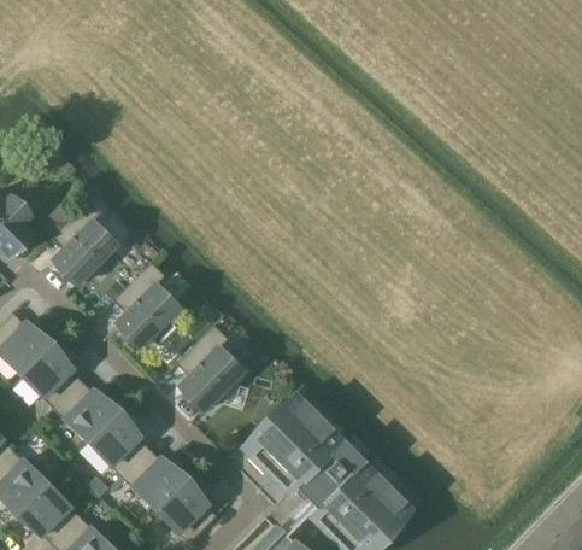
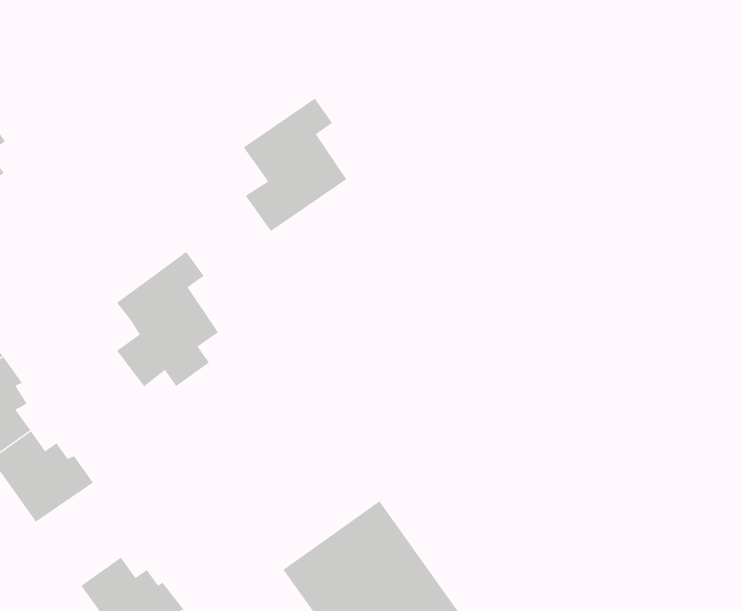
building: [51,198,117,283] -> [243,98,347,232]
building: [183,323,243,410] -> none
building: [88,410,143,474] -> none

